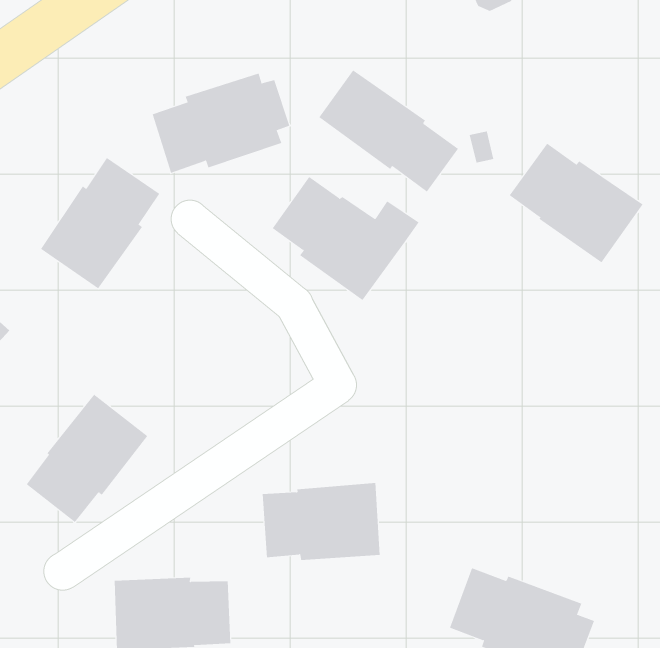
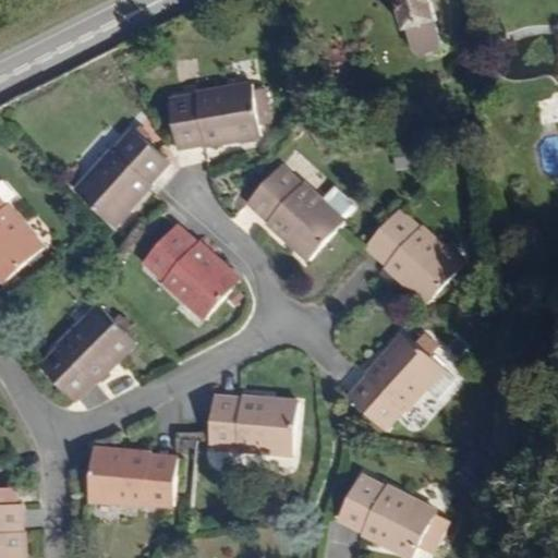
building: [319,69,459,192] -> none
building: [509,143,644,263] -> [363,209,462,304]
building: none -> [143,227,241,318]
building: none -> [345,330,452,428]

